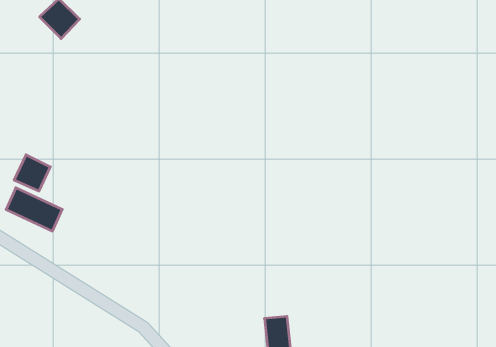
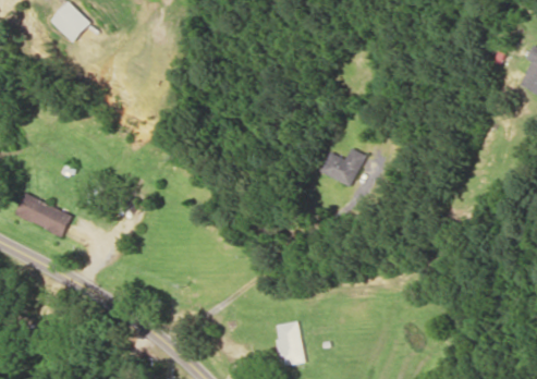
building: none -> [319,148,363,186]
building: [14,155,50,191] -> none

